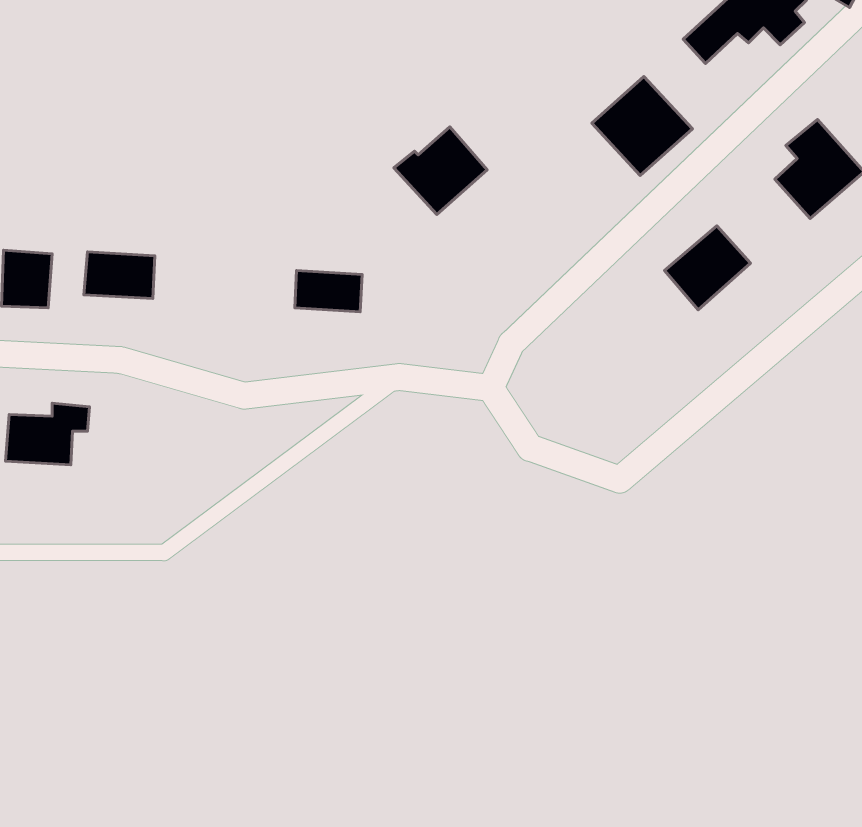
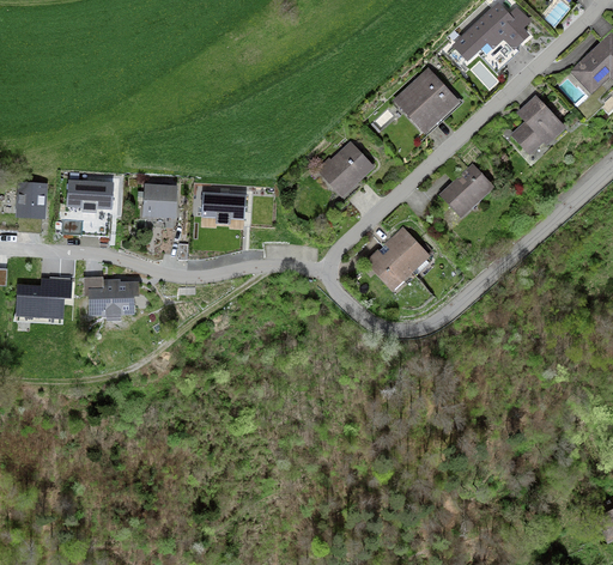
building: [394,127,487,215] -> [315,141,375,198]
building: none -> [142,184,177,219]
building: none -> [365,226,430,291]
building: none -> [83,275,136,311]

